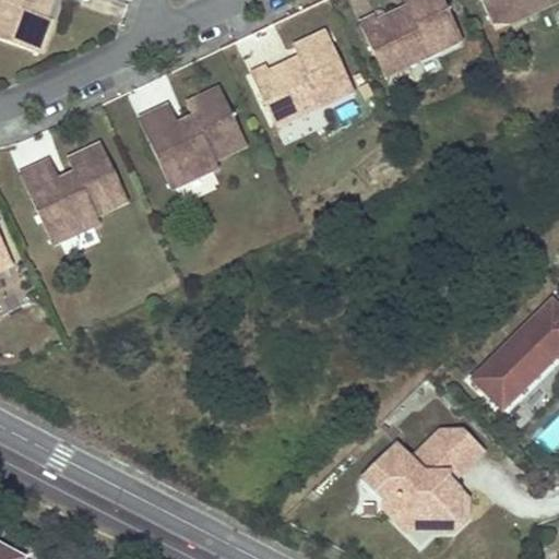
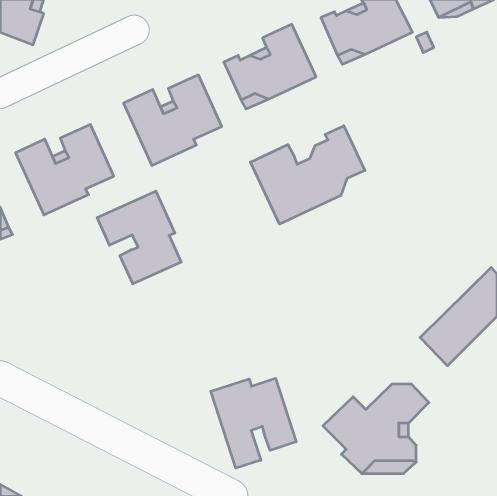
building: none -> [250,126,365,224]
building: none -> [97,191,181,284]
building: none -> [211,378,296,468]

